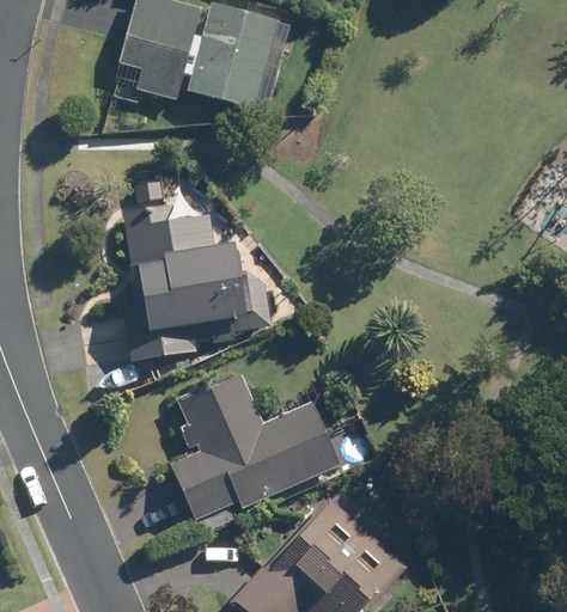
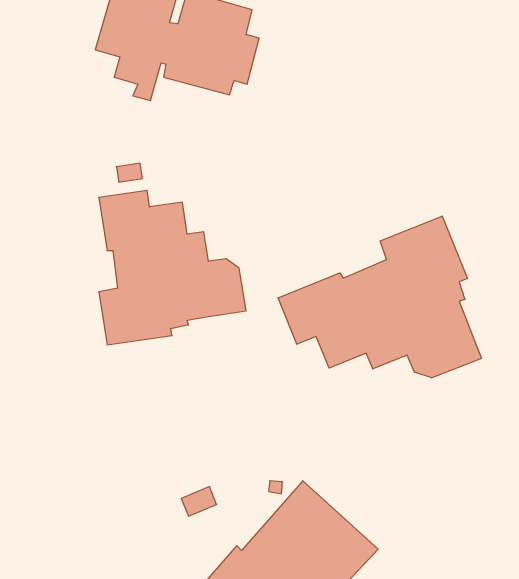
building: none -> [278,216,482,378]
building: [170,373,337,519] -> none

